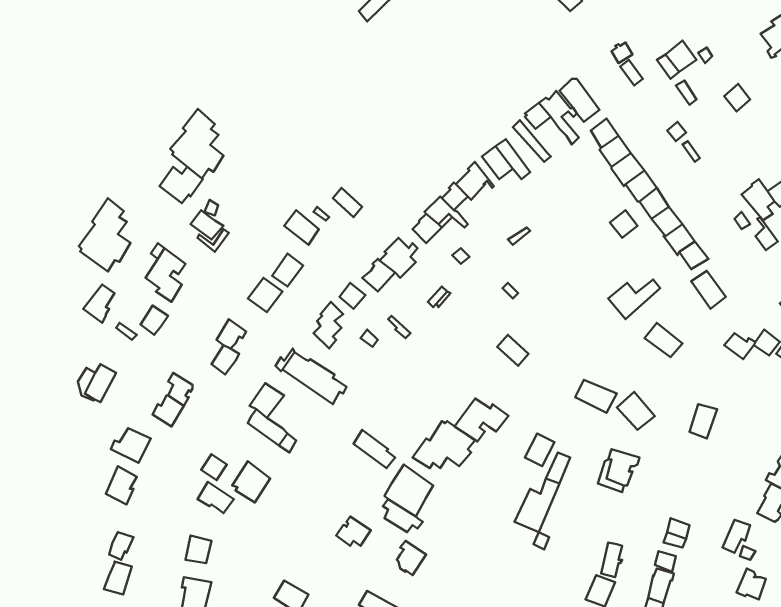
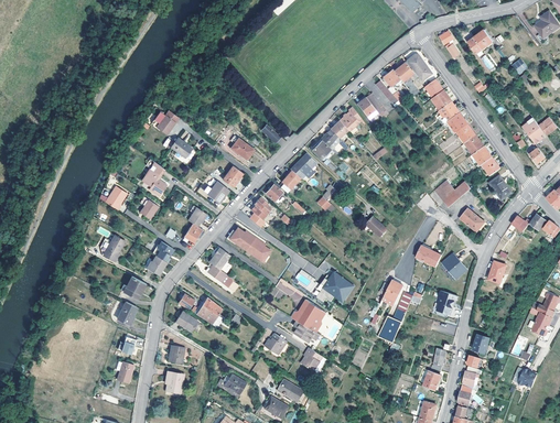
building: [170,109,224,178] -> none
building: [79,198,130,271] -> none
building: [454,399,509,441] -> none

